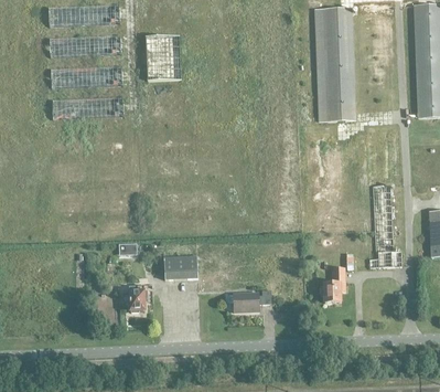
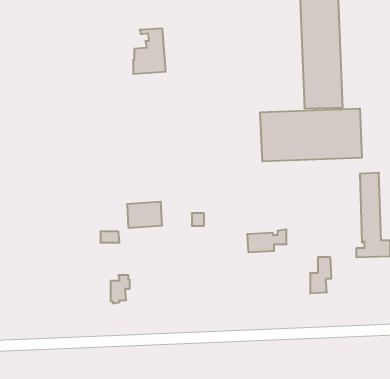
building: none -> [260,108,362,162]
building: [164,254,198,279] -> [127,202,162,228]
building: [233,289,271,311] -> [247,230,287,252]

